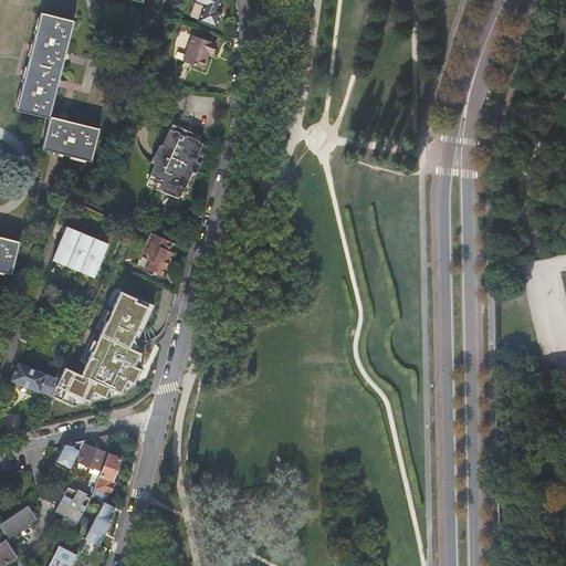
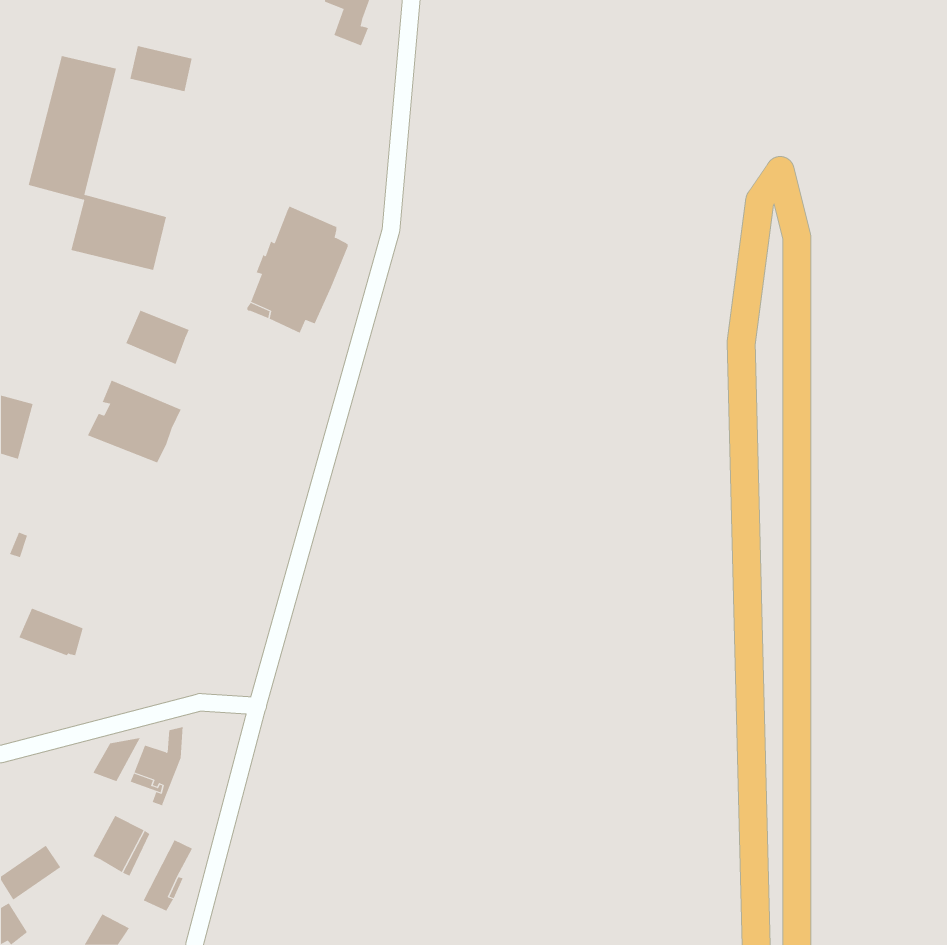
building: [36,13,74,41] -> [130,45,193,92]
building: [185,36,216,70] -> none
building: none -> [125,310,189,365]
building: [144,233,174,276] -> none
building: [46,289,151,402] -> none
building: [94,453,120,494] -> none

